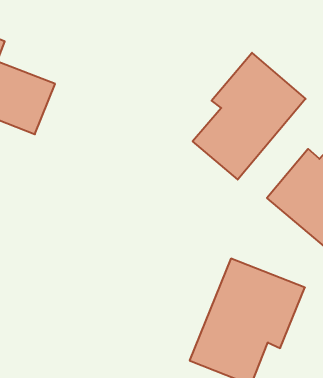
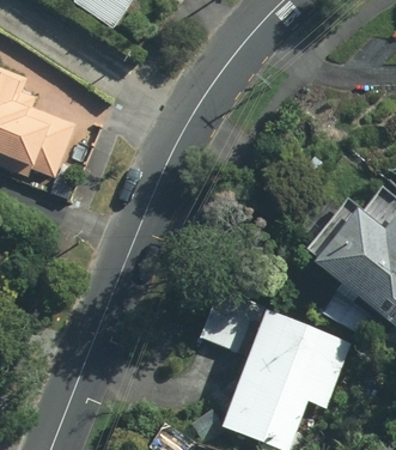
building: [193,53,306,180] -> none

